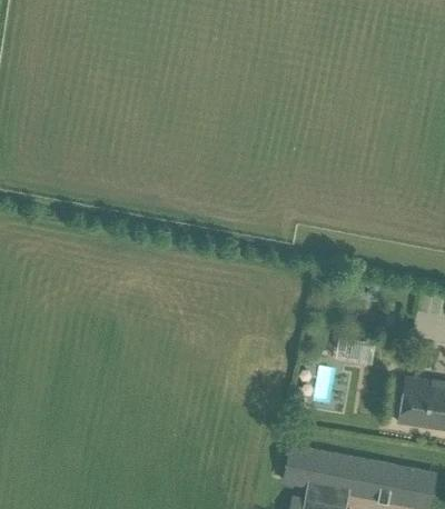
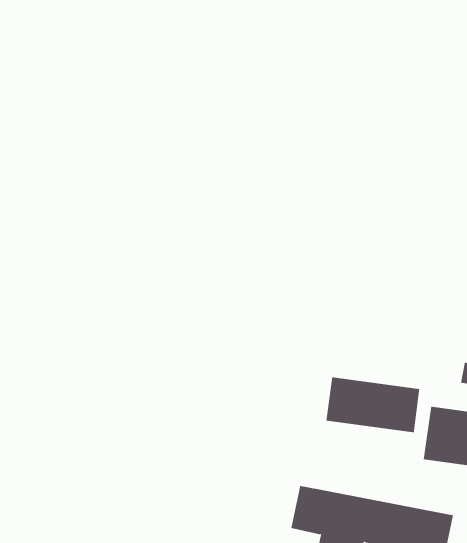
building: none -> [326,376,420,433]

